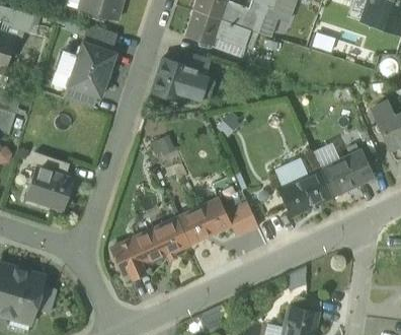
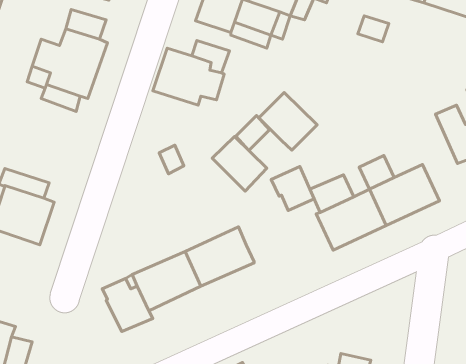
building: none -> [259,92,317,150]
building: none -> [212,136,267,191]
building: [224,202,257,237] -> [271,167,314,211]

